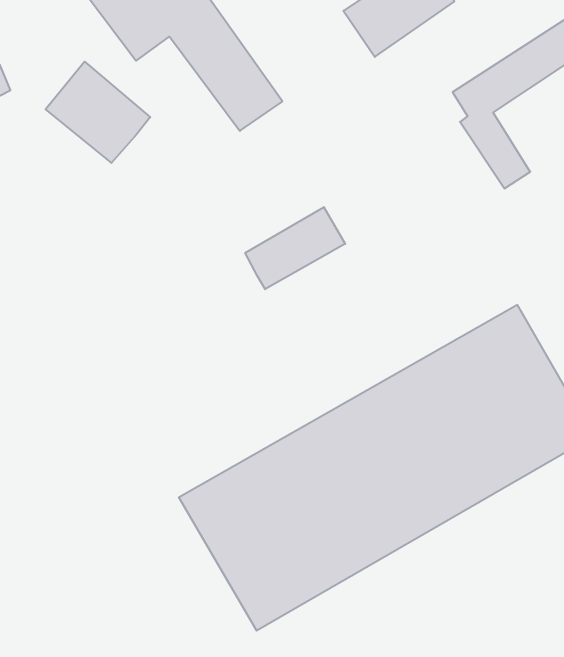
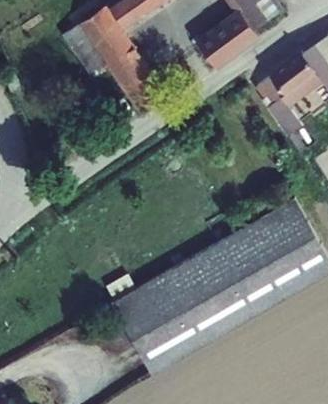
building: [46,62,150,163] -> none
building: [245,207,345,289] -> none

